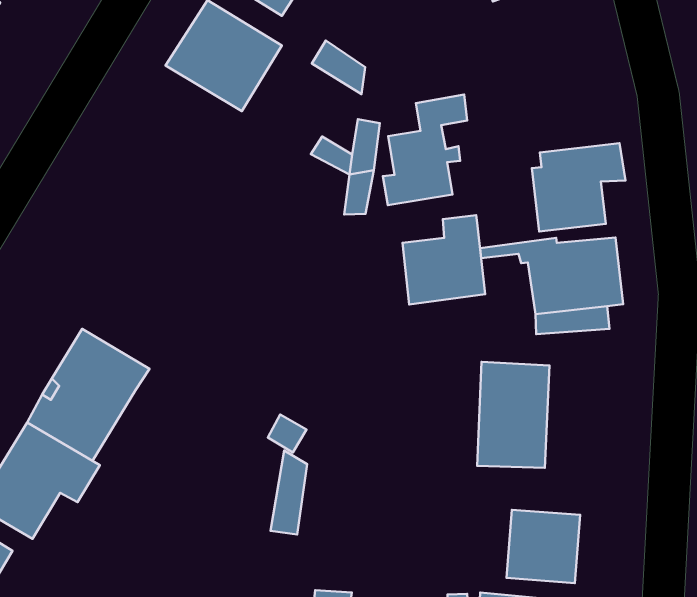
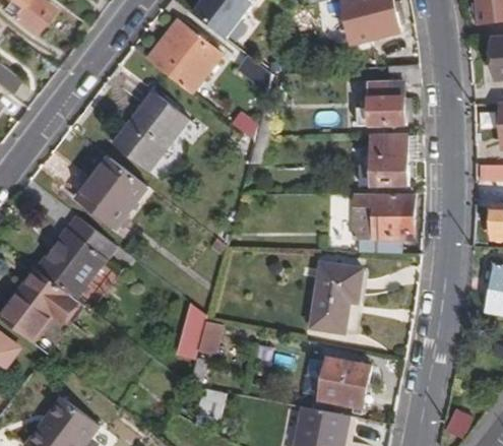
building: [383,94,467,205] -> [363,64,419,127]
building: none -> [113,91,188,171]
building: [402,215,485,304] -> none
building: none -> [78,157,147,227]

